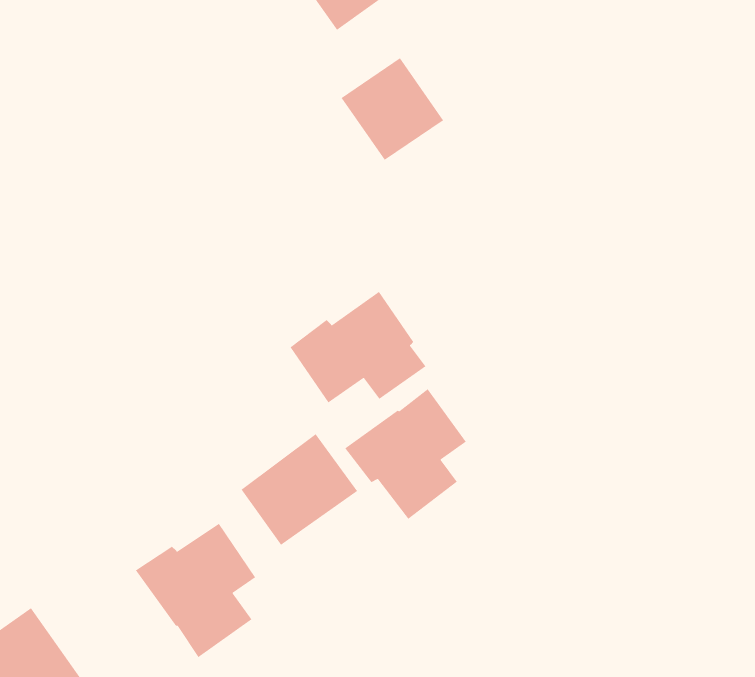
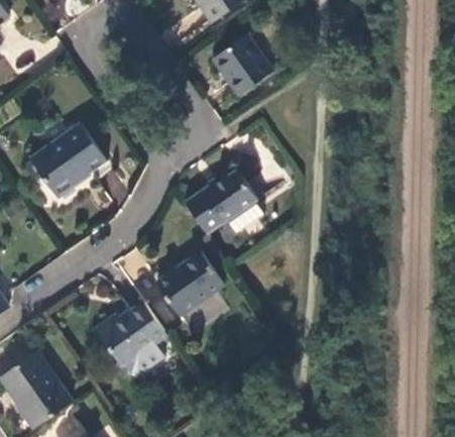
building: none -> [30,124,106,196]
building: [344,388,467,520] -> none

